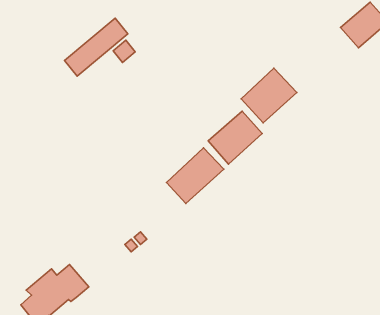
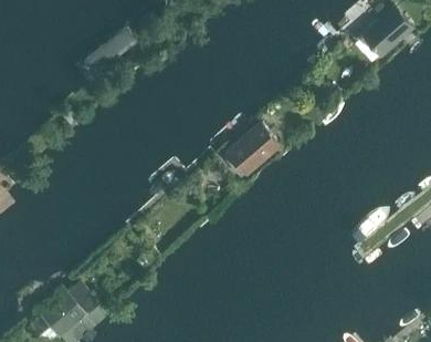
building: [241,68,297,123] -> none
building: [167,148,224,204] -> none

